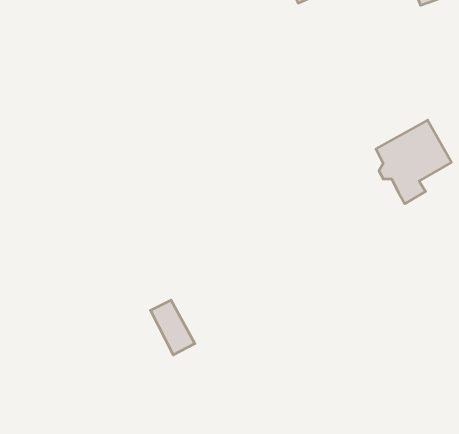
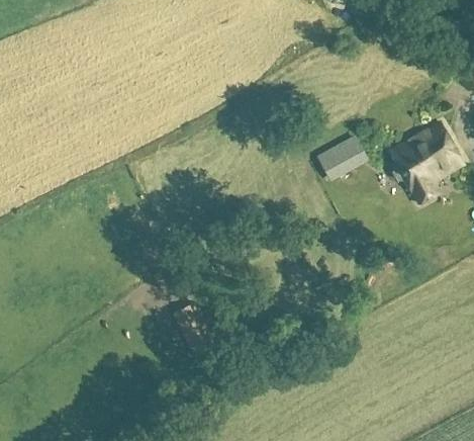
building: none -> [317,135,365,176]

